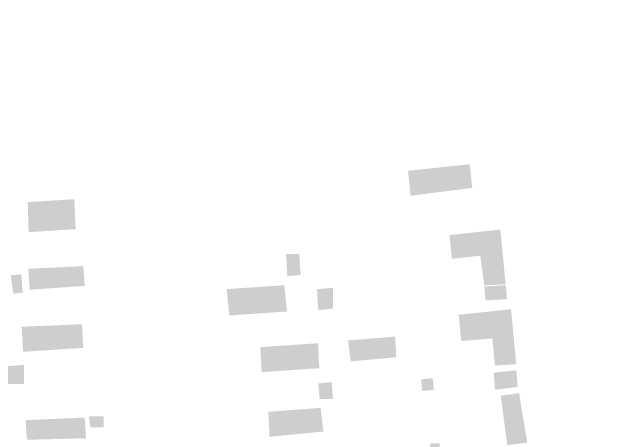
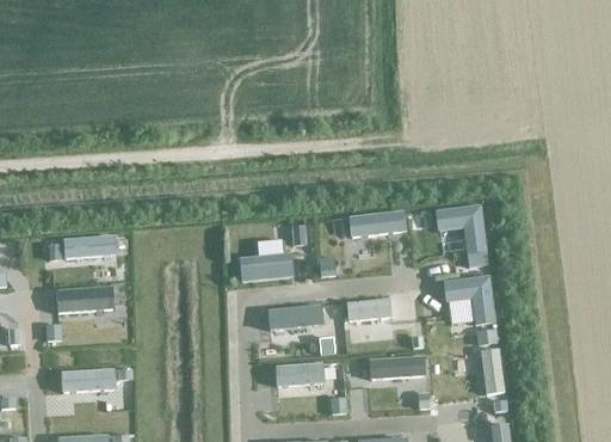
building: [407,164,473,196] -> [348,209,407,238]
building: [27,198,76,233] -> none
building: none -> [369,355,425,377]

